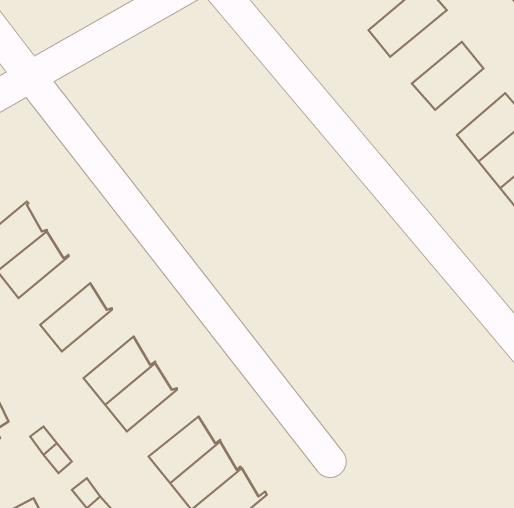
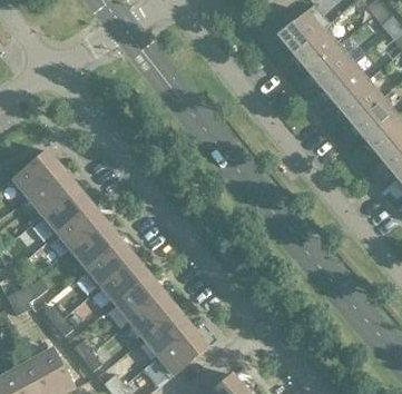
building: none -> [290,21,337,70]
building: none -> [320,60,366,105]
building: none -> [41,186,89,232]
building: none -> [70,221,118,267]
building: none -> [114,275,161,319]

